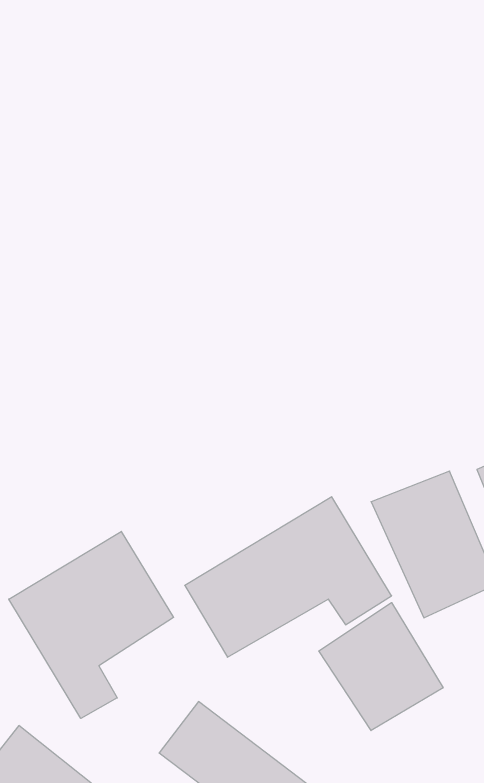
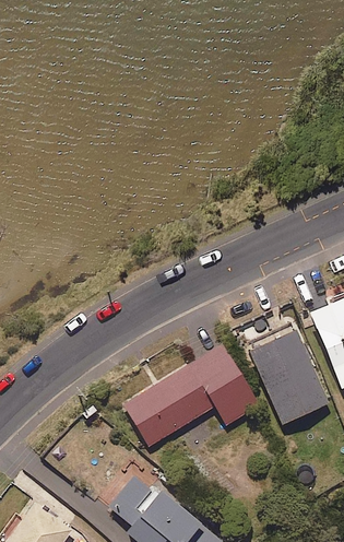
building: [9,531,174,718] -> none
building: [319,603,443,731] -> none

